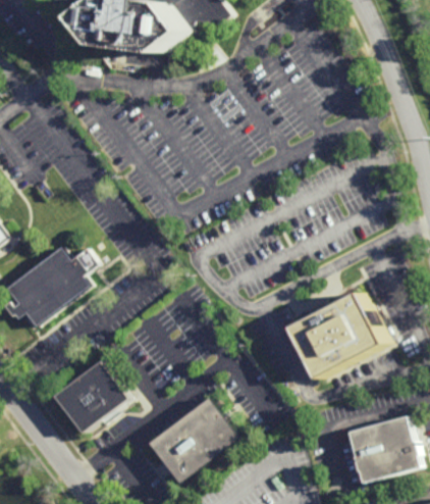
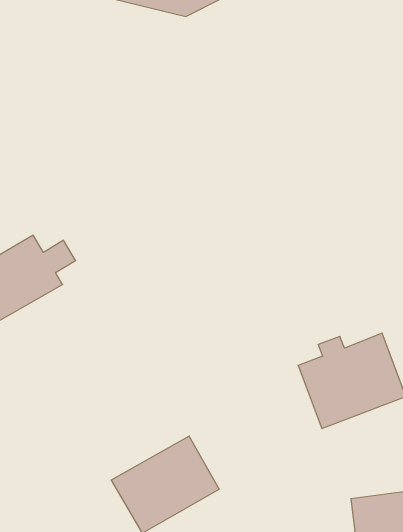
building: [53,362,127,434] -> none

